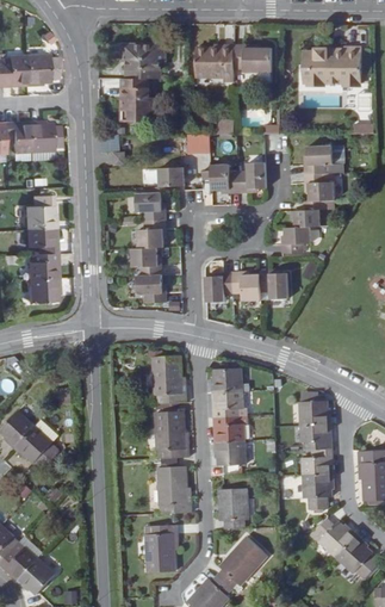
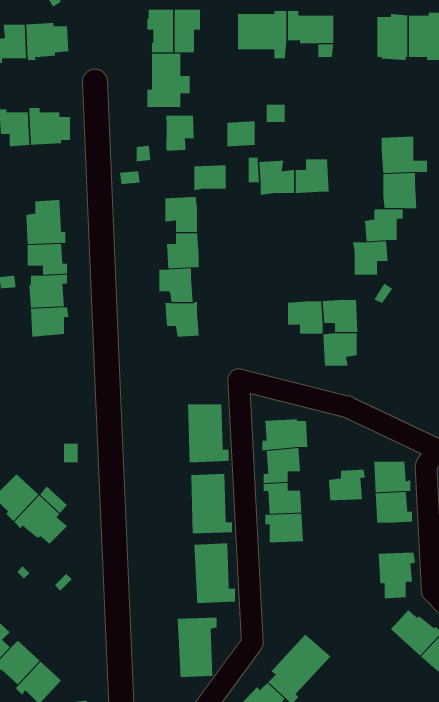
building: none -> [166,115,194,152]
building: [205,275,232,302] -> [323,333,357,366]
building: [303,448,333,473] -> [328,469,366,501]
building: [221,487,248,528] -> none

